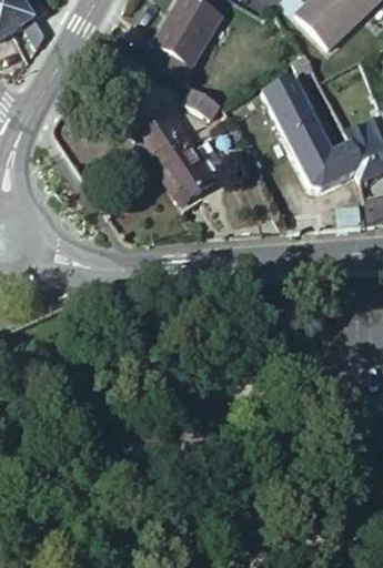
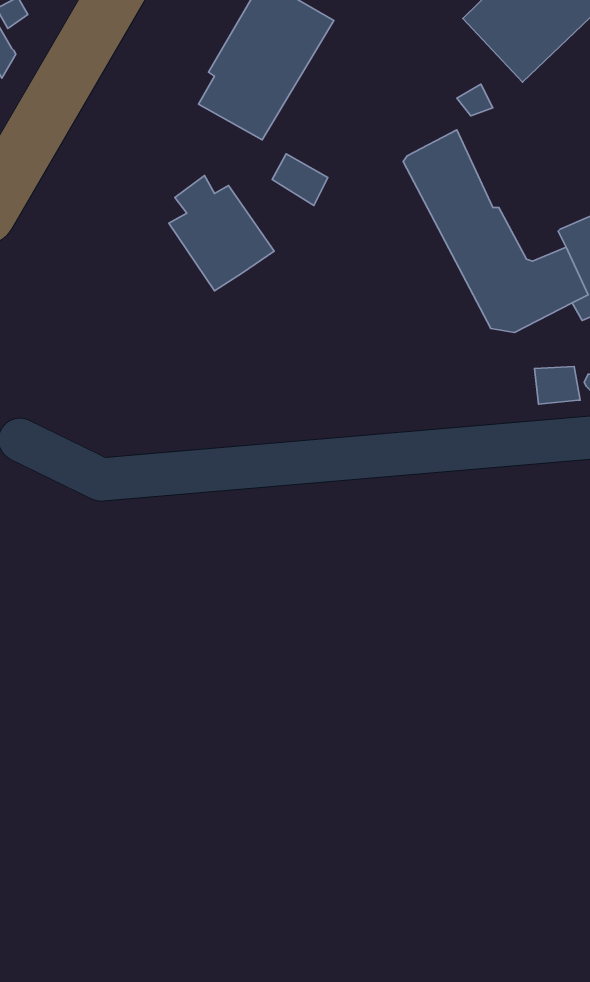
building: [157,138,222,202] -> none

